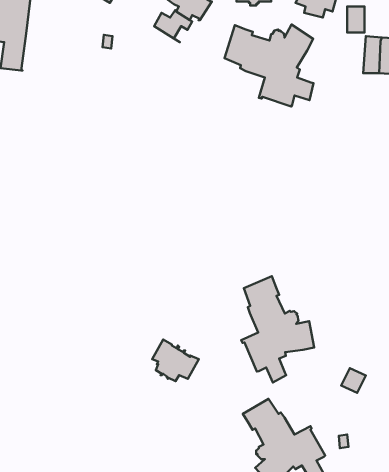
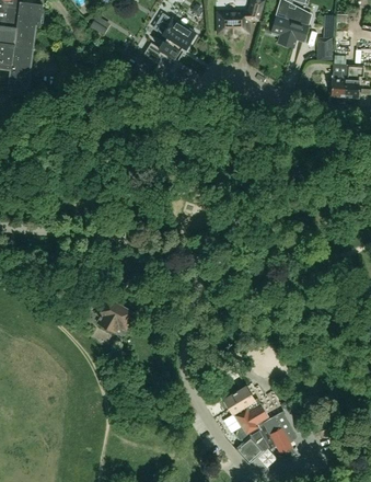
building: [224,24,313,106] -> none
building: [241,276,314,382] -> none
building: [152,339,199,381] -> [94,295,136,332]

